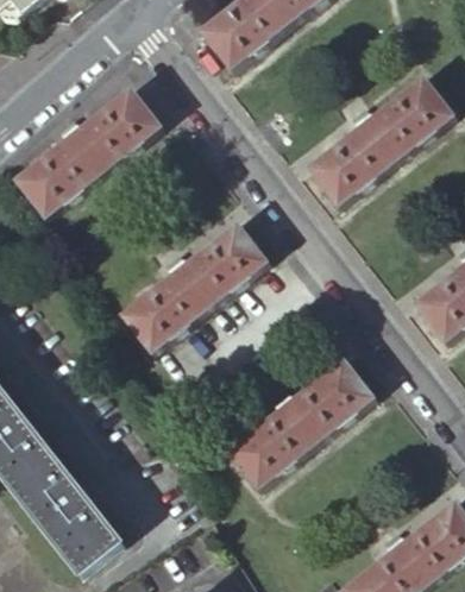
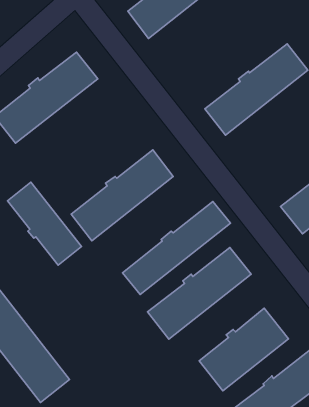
building: none -> [7,182,82,265]
building: none -> [122,201,231,295]
building: none -> [199,308,289,391]

